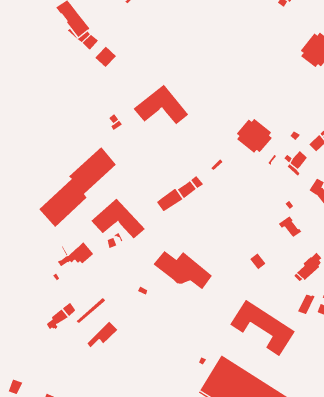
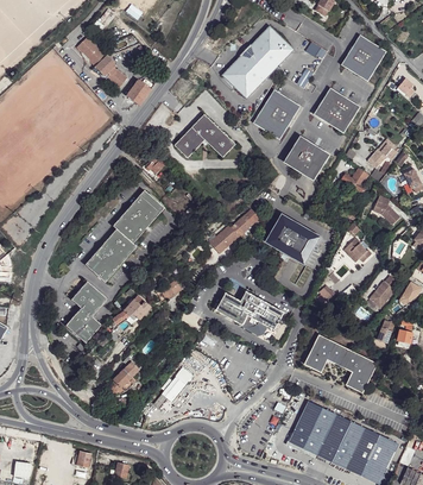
building: none -> [222,26,292,97]
building: none -> [255,93,297,136]
building: none -> [317,90,356,130]
building: none -> [264,213,318,262]
building: [91,198,146,239] -> none
building: none -> [64,281,107,342]

